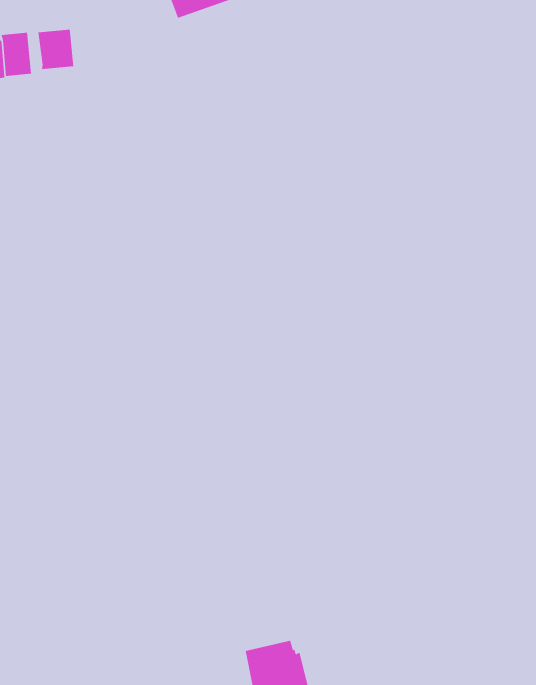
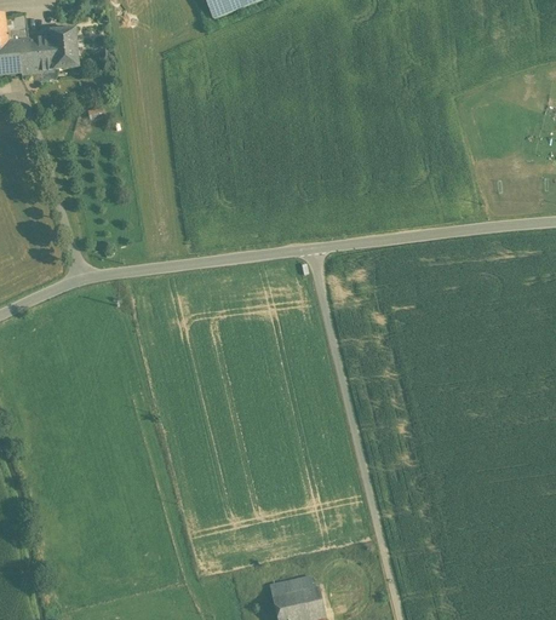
building: [38,29,74,70] -> none

